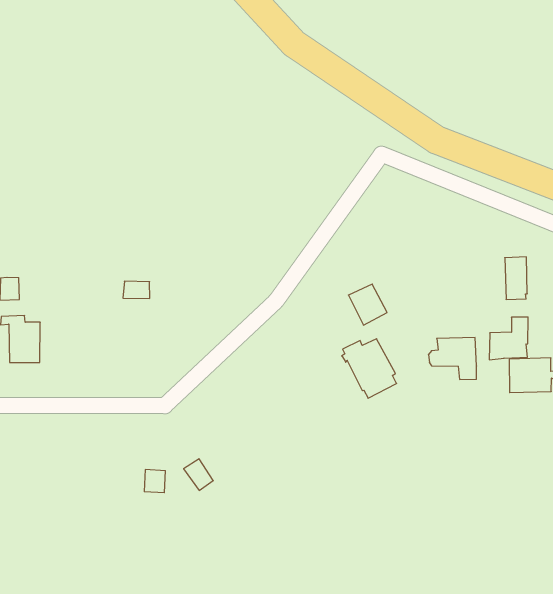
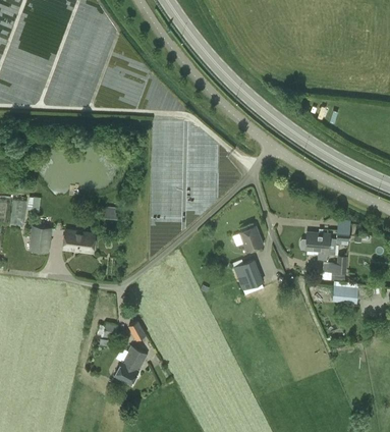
building: none -> [62,229,95,253]
building: [428,338,477,379] -> [299,232,329,260]
building: none -> [114,346,147,384]

